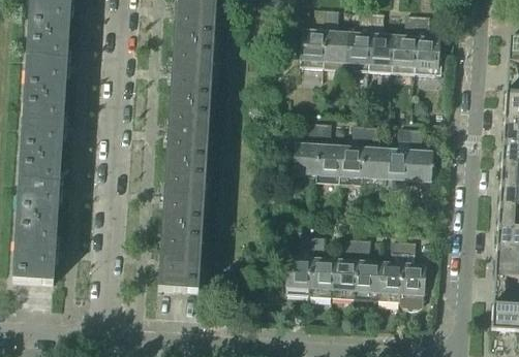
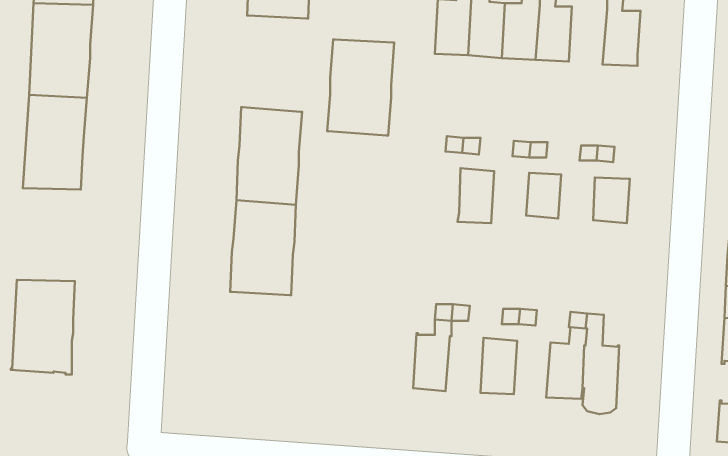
building: [392,34,418,73] -> none
building: [170,40,215,105] -> [327,39,394,136]
building: [282,141,318,173] -> none
building: [339,145,365,182] -> none
building: [385,148,409,188] -> none
building: [18,157,61,220] -> none
building: [158,227,204,291] -> none
building: [308,257,334,295] -> none
building: [355,260,379,298] -> none

